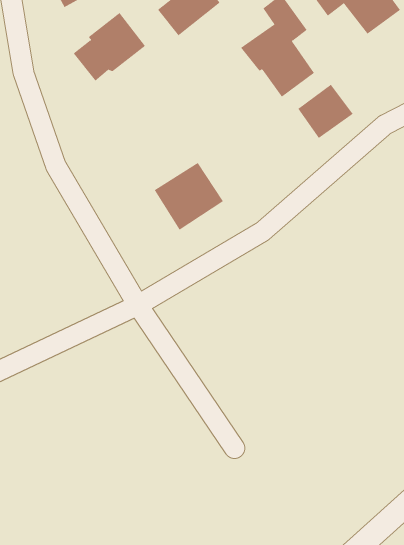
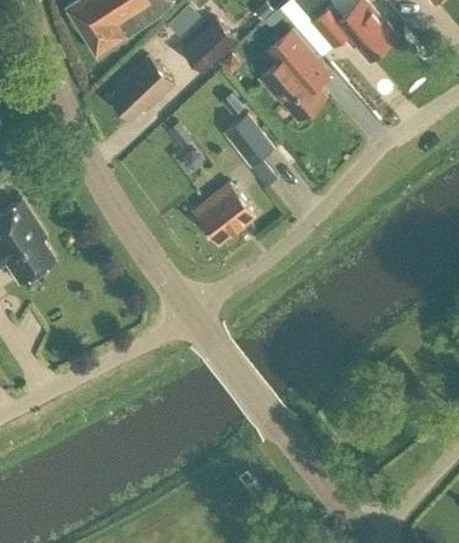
building: [297,84,353,139] -> none
building: none -> [223,113,274,165]

